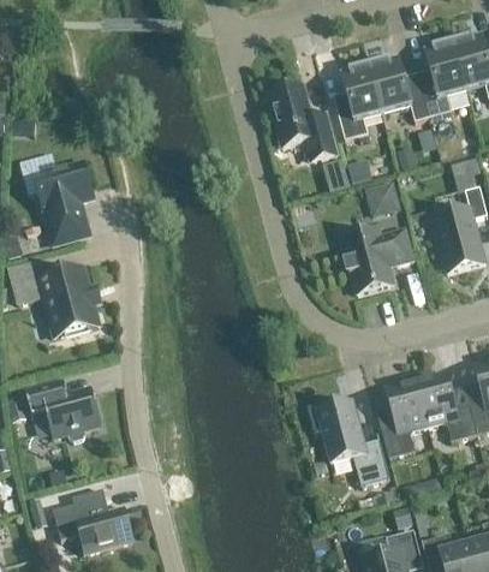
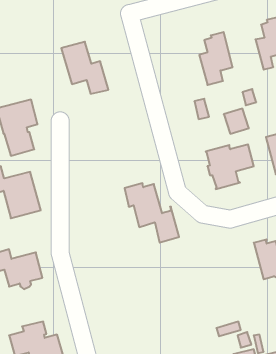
building: [369,55,428,120] -> none
building: [267,84,336,161] -> [61,42,108,94]
building: [376,373,428,457] -> none
building: [309,398,389,485] -> [125,183,179,243]

